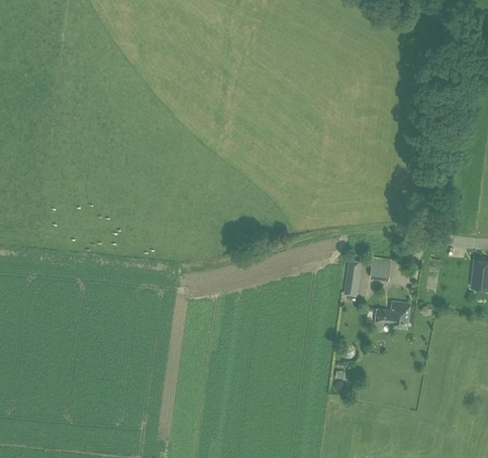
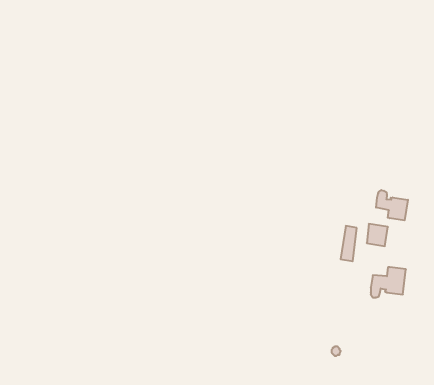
building: none -> [376,190,408,220]

